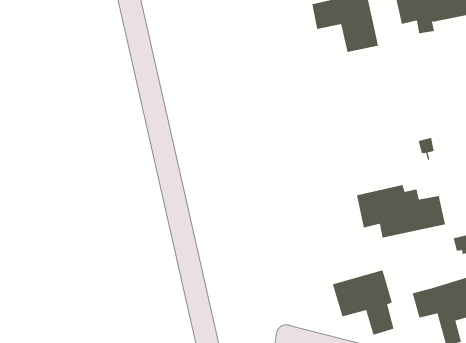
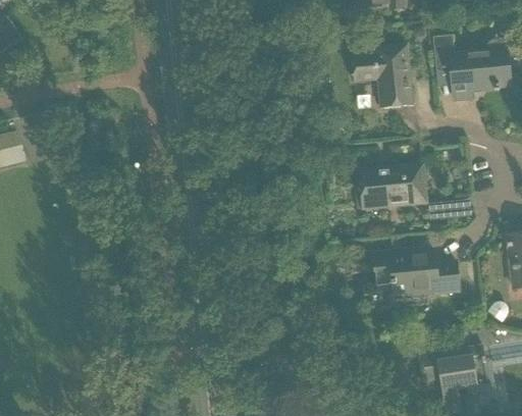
building: none -> [359,166,427,211]
building: [332,270,394,336] -> none

